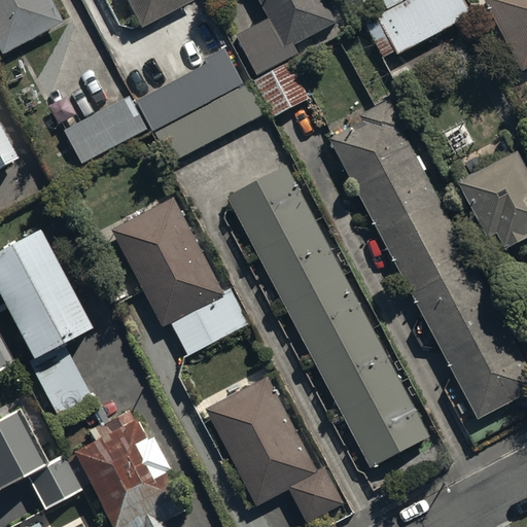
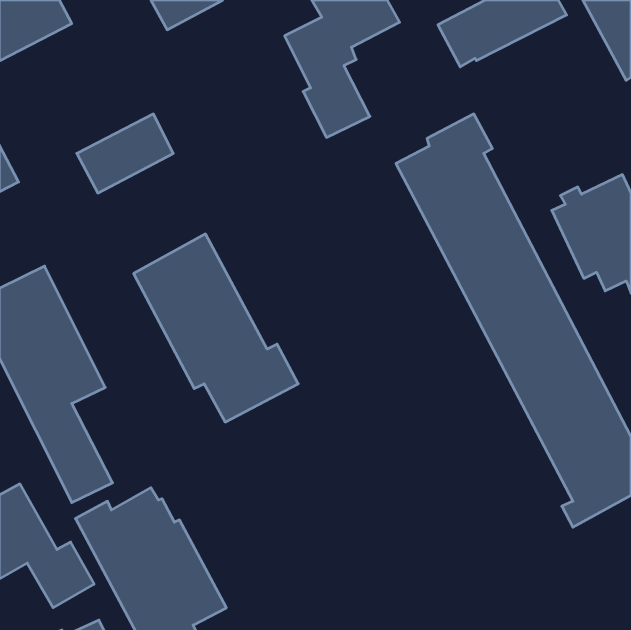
building: [135,48,245,132] -> none
building: [227,165,427,465] -> none
building: [208,377,343,522] -> none

